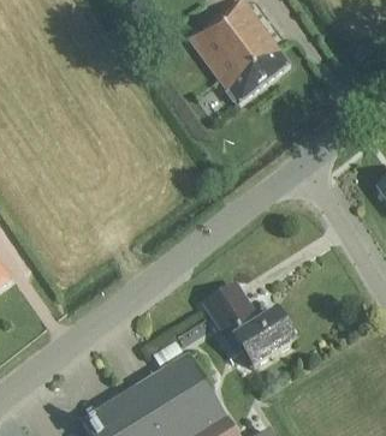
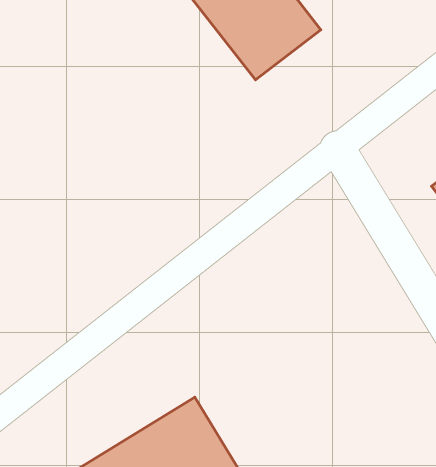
building: [203,282,296,368] -> none

